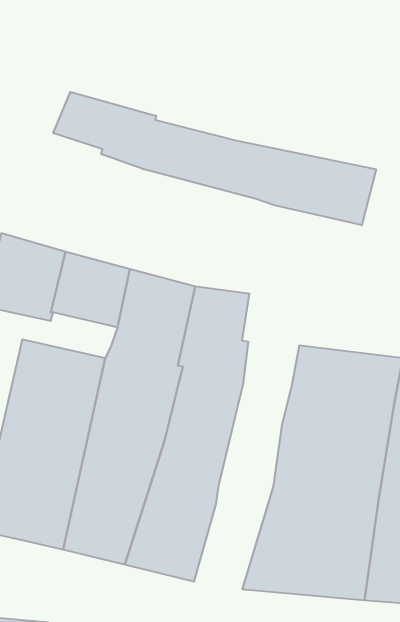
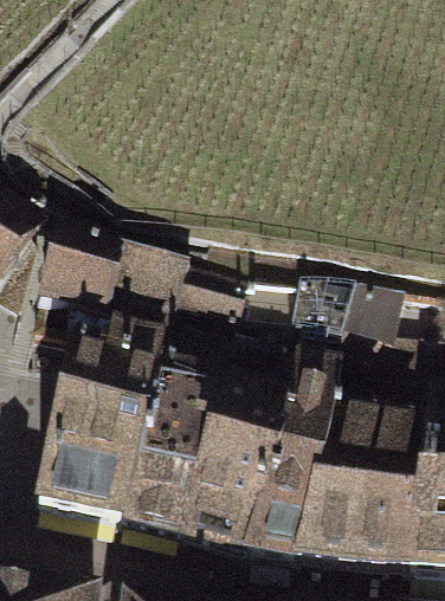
building: [53,92,376,225] -> none
building: none -> [231,277,340,564]

